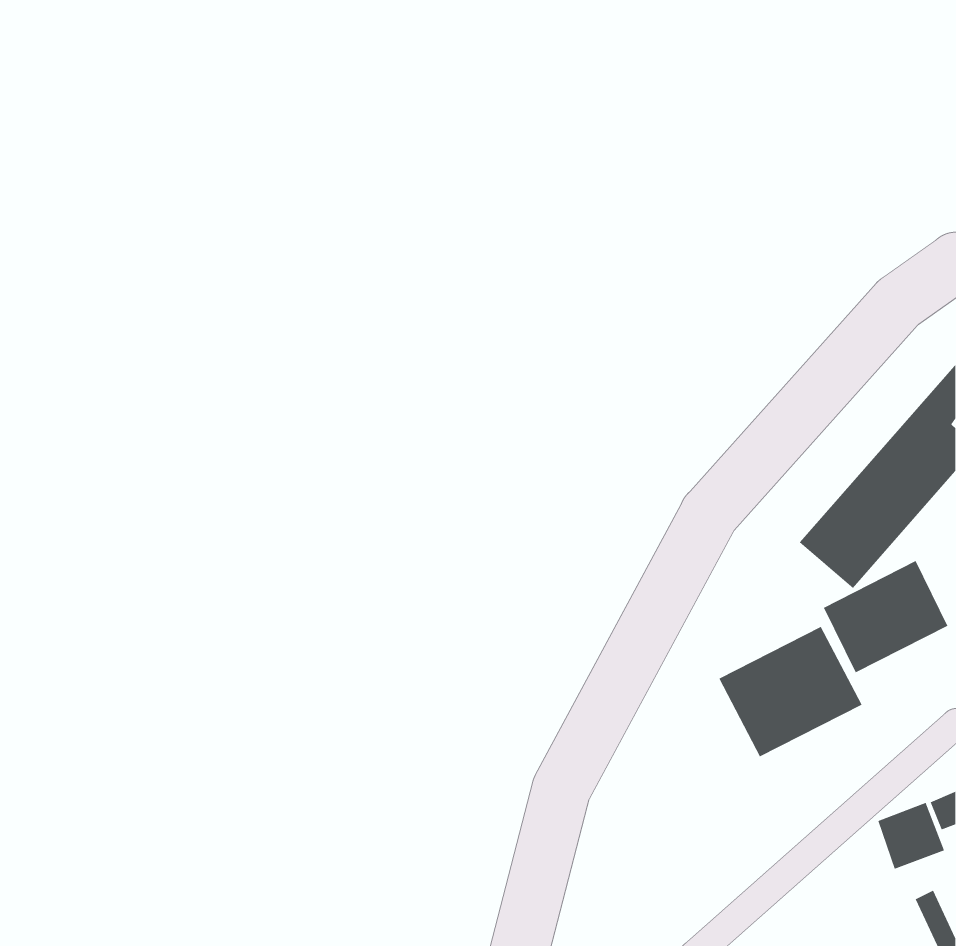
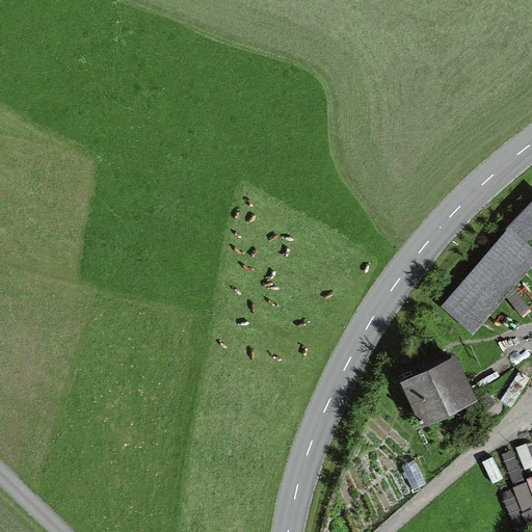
building: [823,560,948,673] -> none

